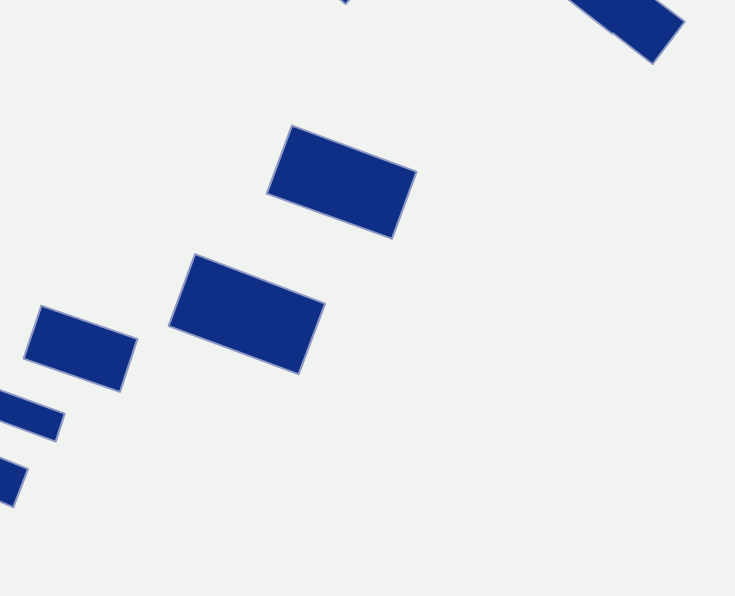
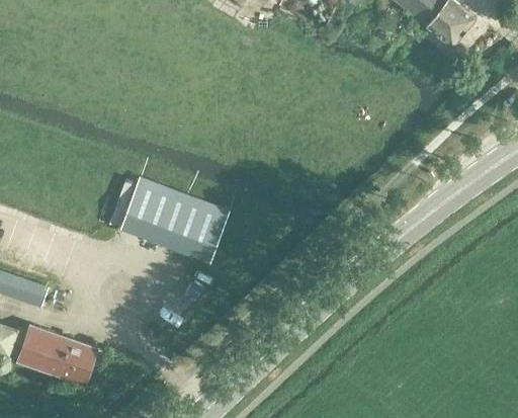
building: [267,125,416,239] -> none
building: [24,306,138,392] -> [15,325,94,385]

